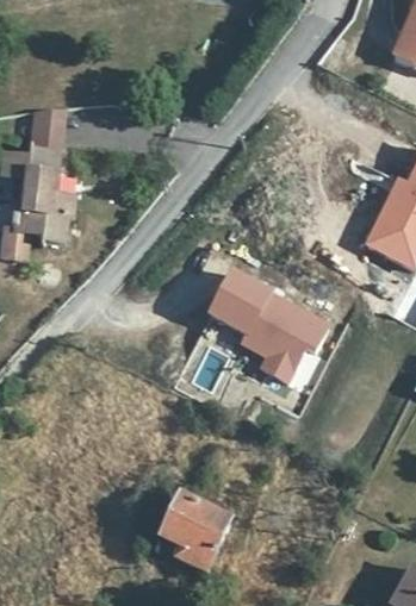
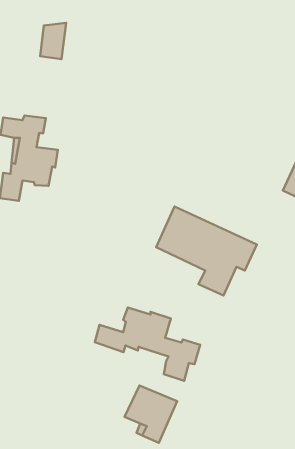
building: [33,107,67,154] -> [40,23,66,59]
building: none -> [95,308,200,381]

